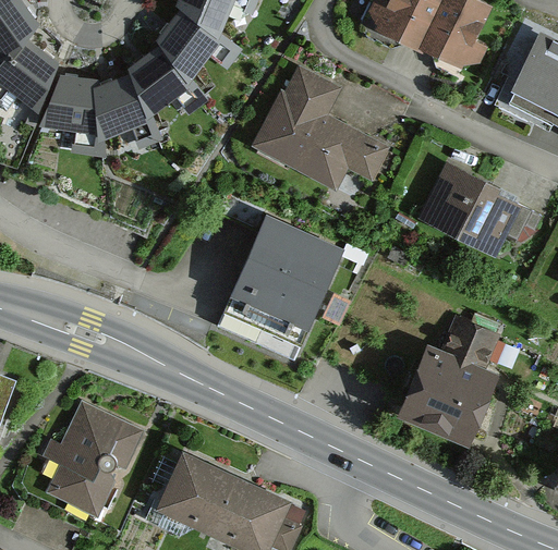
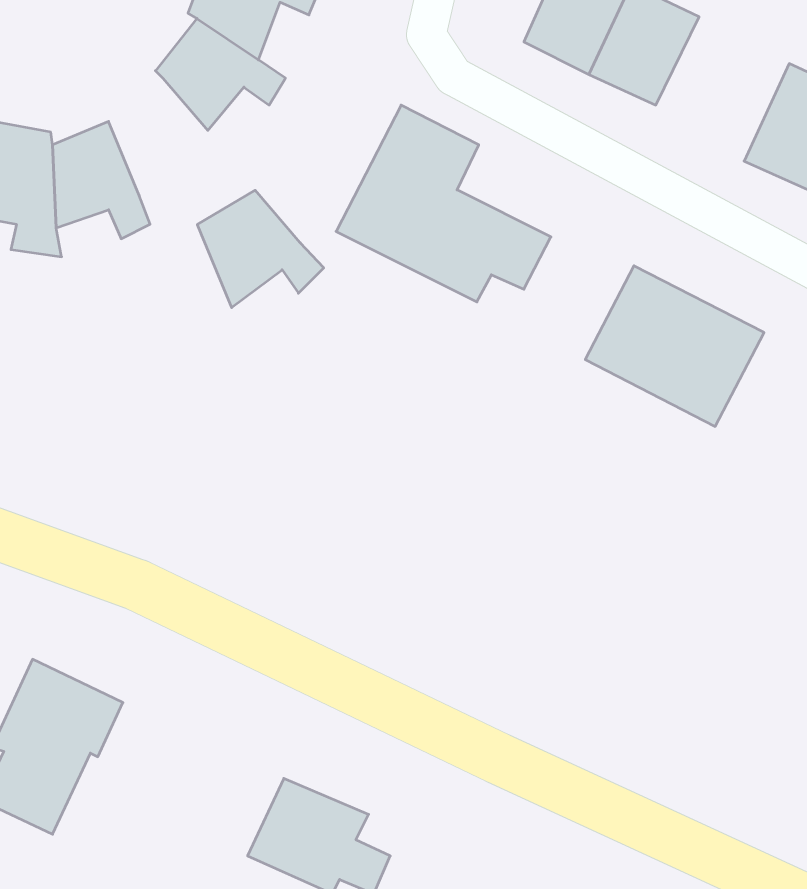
building: [122,50,198,121] -> [197,190,324,308]
building: [225,218,347,353] -> none
building: [407,313,505,440] -> none
building: [158,450,230,520] -> none

